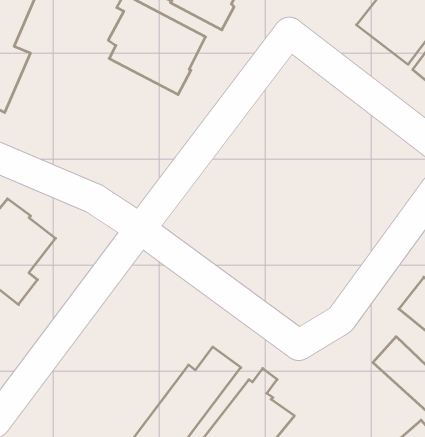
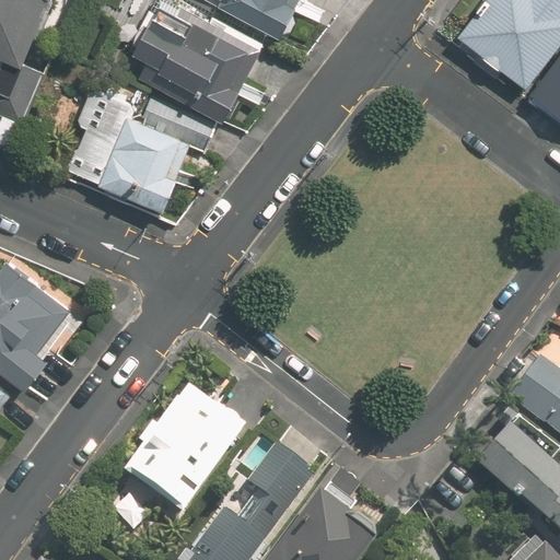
building: none -> [67,88,219,217]
building: none -> [126,382,248,509]

